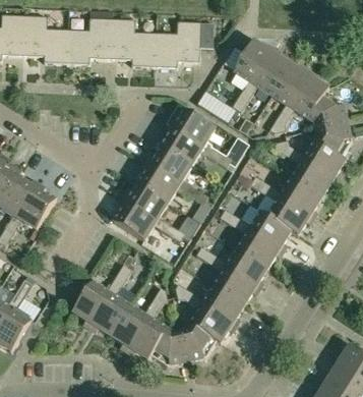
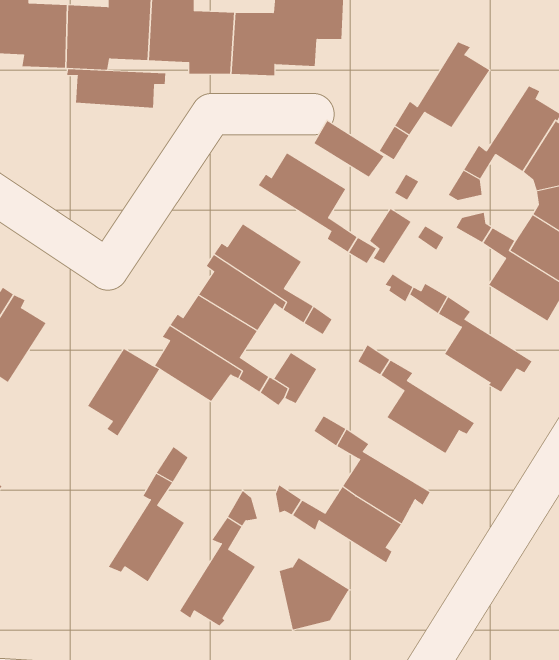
building: [234,40,275,83] -> none
building: none -> [66,68,166,109]
building: [271,64,312,107] -> none
building: [161,125,207,166] -> none
building: [279,178,322,219] -> none
building: [248,210,292,251] -> none
building: [225,248,268,288] -> none
building: [73,281,112,328] -> [87,348,160,436]
building: [190,303,237,343] -> none
building: [111,304,149,351] -> none
building: [150,328,187,365] -> none

